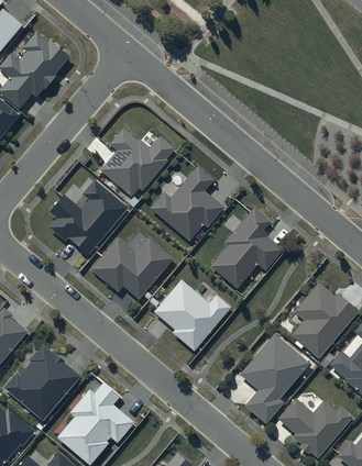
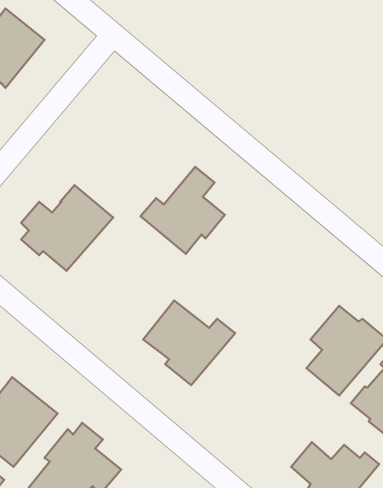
building: [101,130,176,197] -> none
building: [210,208,282,287] -> none
building: [90,237,173,298] -> none
building: [240,335,310,424] -> none

